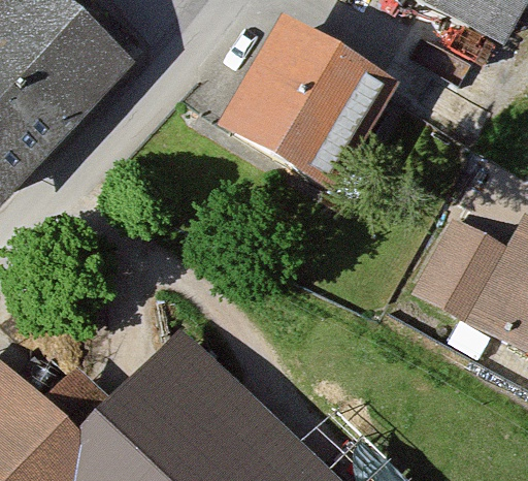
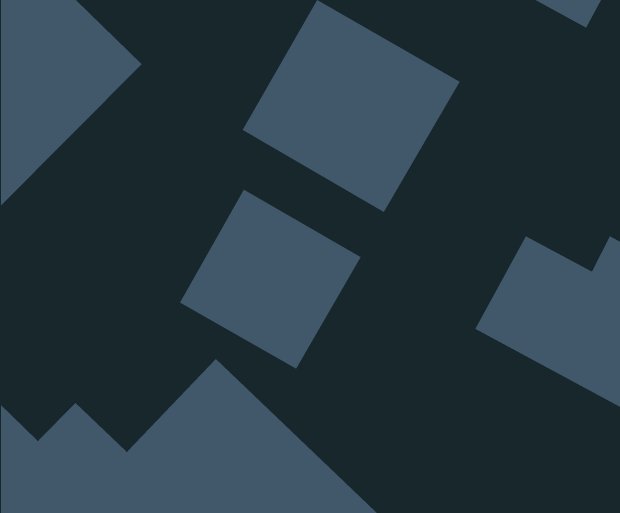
building: none -> [179,189,362,370]

